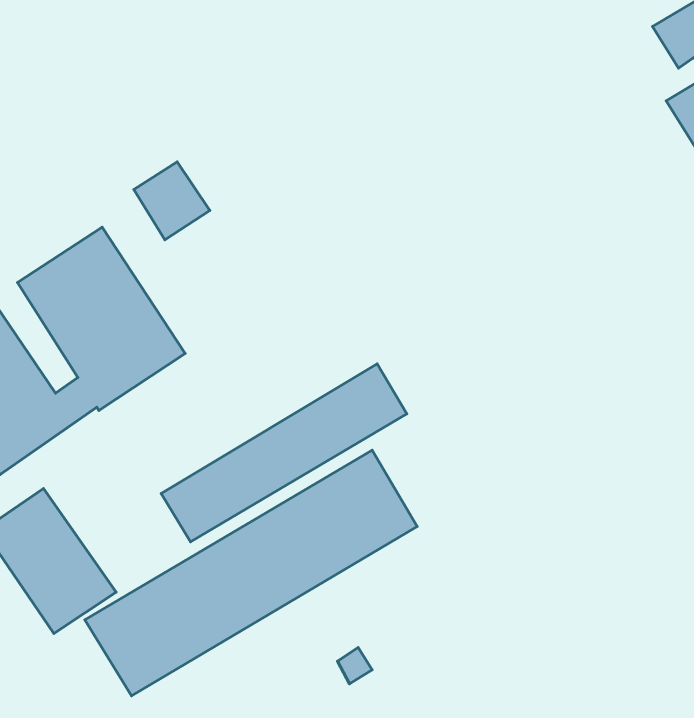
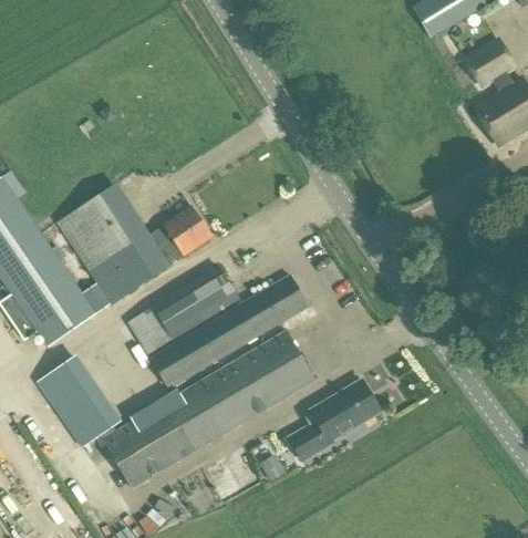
building: [134,162,210,240] -> [164,207,213,257]
building: none -> [128,266,237,354]
building: none -> [290,379,382,459]

